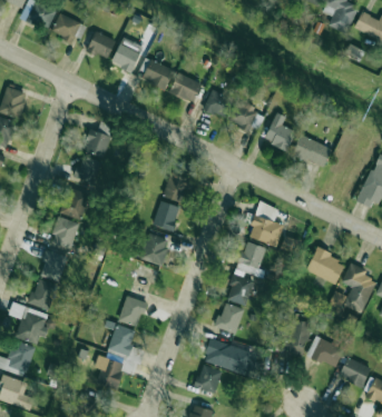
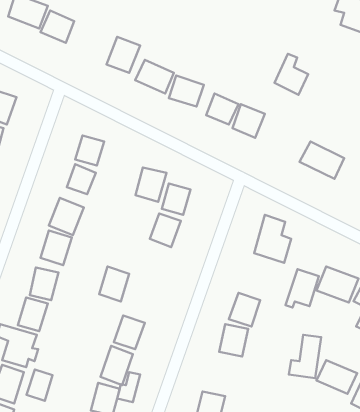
building: [87,31,116,59] -> none
building: [264,113,295,151] -> [274,54,308,95]
building: none -> [135,168,166,202]
building: [141,234,169,266] -> [99,267,129,301]
building: [235,241,266,277] -> [285,269,319,308]
building: [203,339,253,376] -> none
building: none -> [26,369,52,401]

